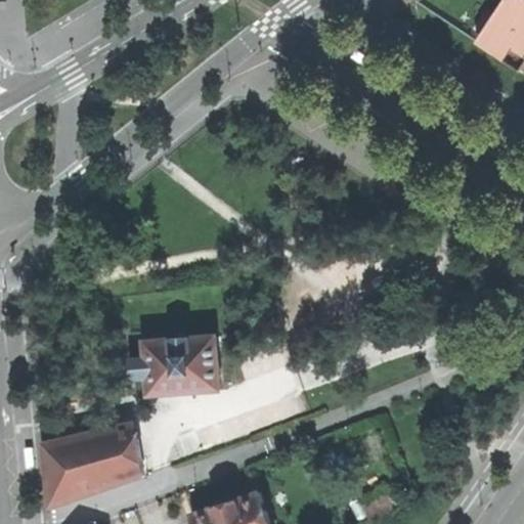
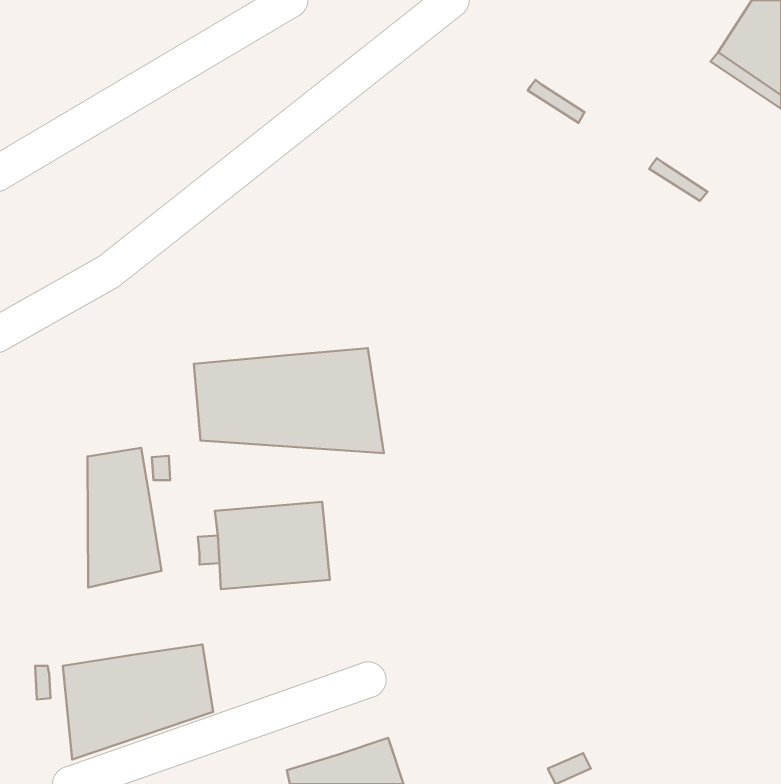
building: none -> [194,348,384,453]
building: none -> [87,448,161,588]

